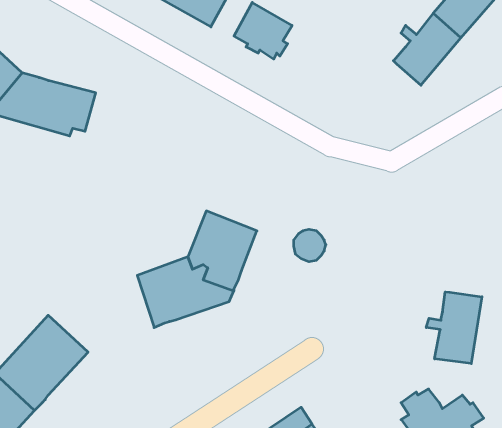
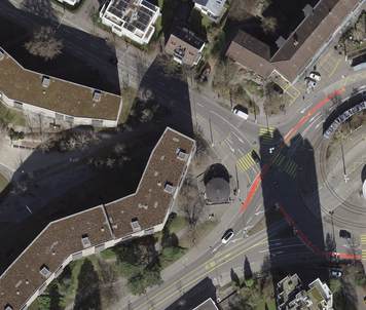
building: none -> [227,30,280,73]
building: none -> [65,84,121,121]
building: none -> [146,129,193,177]
building: none -> [40,206,111,258]
building: [426,292,482,364] -> none

